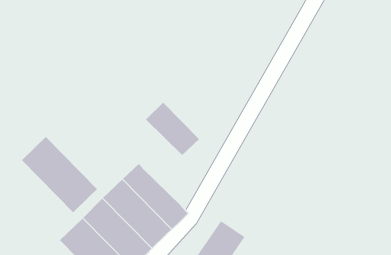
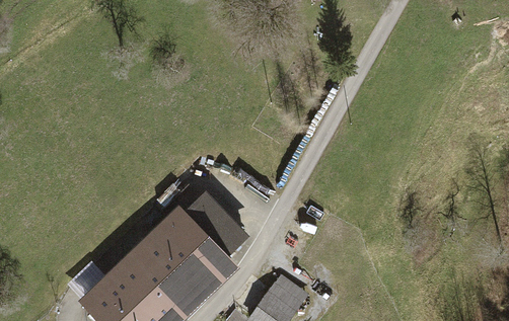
building: [145,102,200,156] -> [183,190,249,256]
building: [21,136,98,213] -> none

